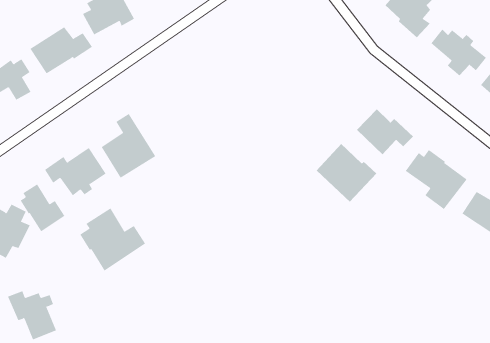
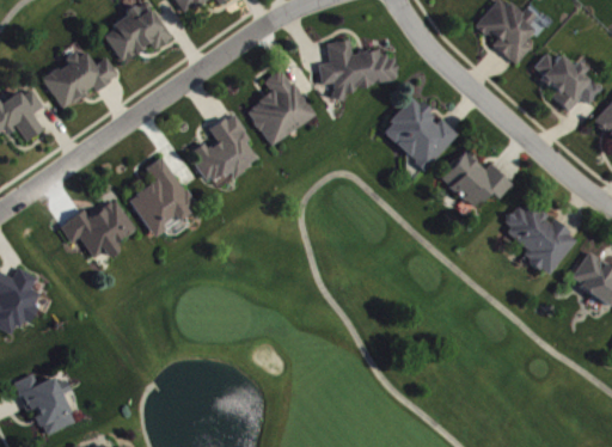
building: none -> [319,39,398,99]
building: none -> [246,67,314,145]
building: none -> [194,114,258,184]
building: [316,143,377,203] -> [382,97,458,170]
building: [20,183,65,232] -> none
building: [80,208,146,271] -> none

